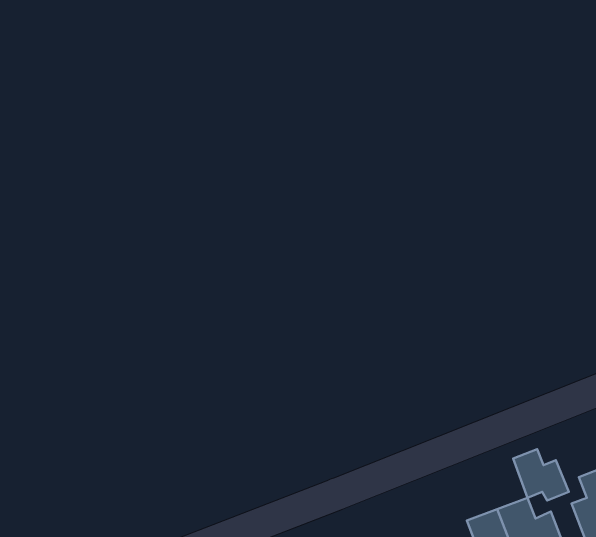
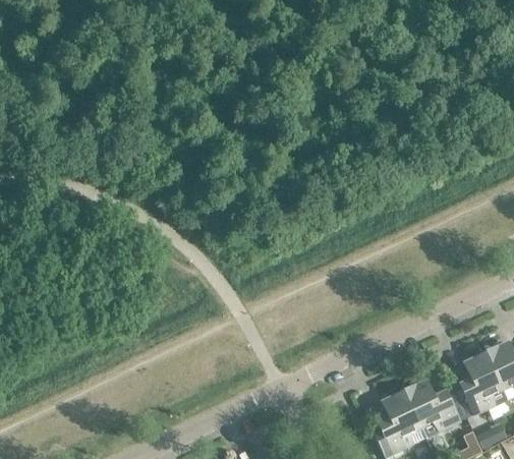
building: [513,449,569,501] -> none

